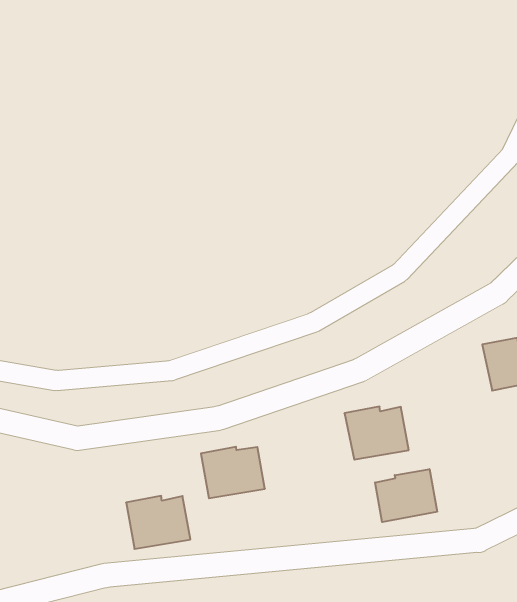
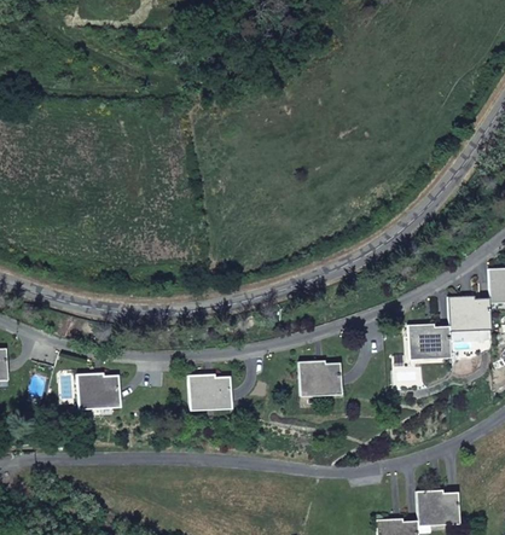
building: [375,469,437,522] -> none
building: [126,496,190,549] -> [77,372,121,408]

